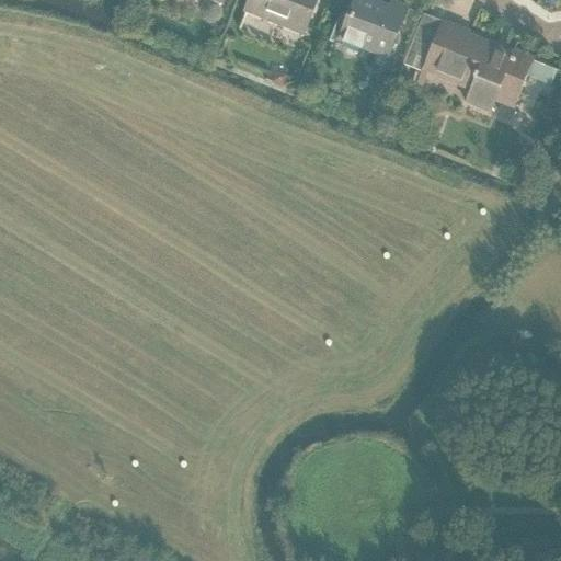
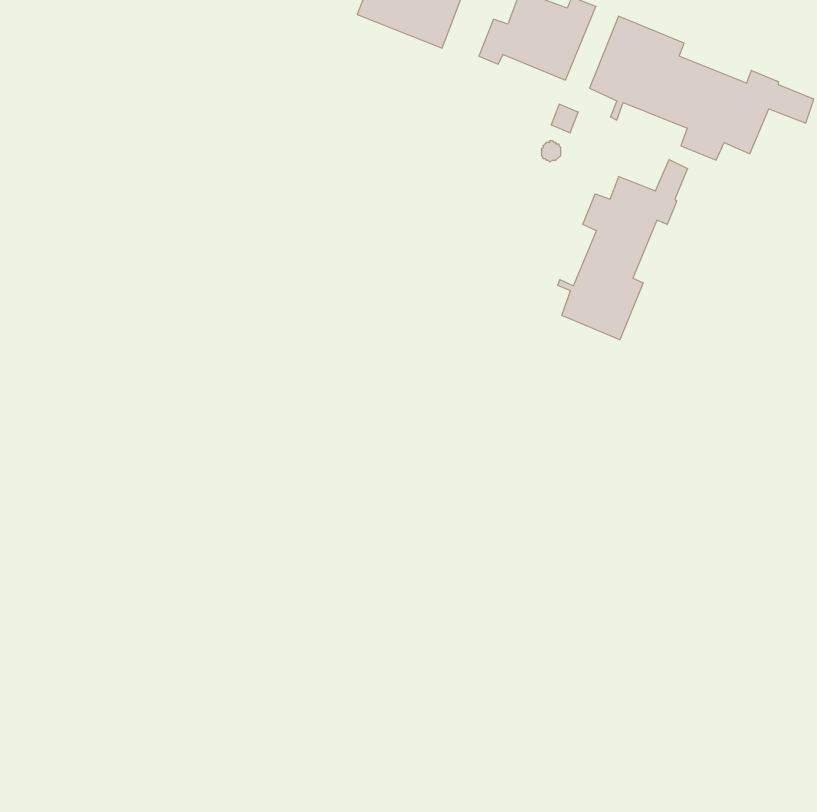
building: none -> [558,159,687,340]

